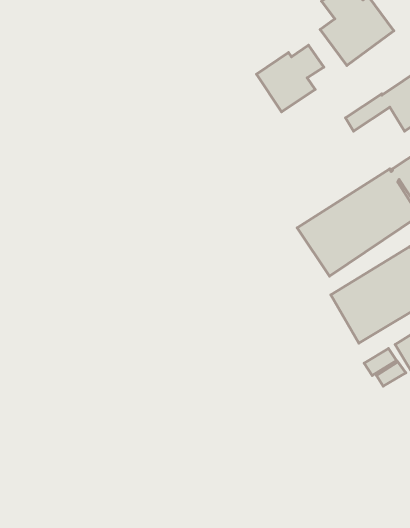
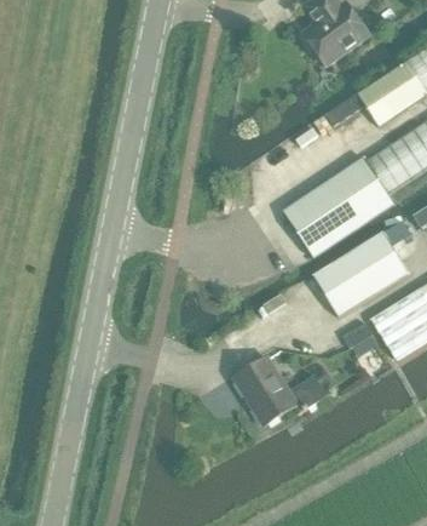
building: [256,45,324,112] -> none
building: none -> [235,358,328,425]

